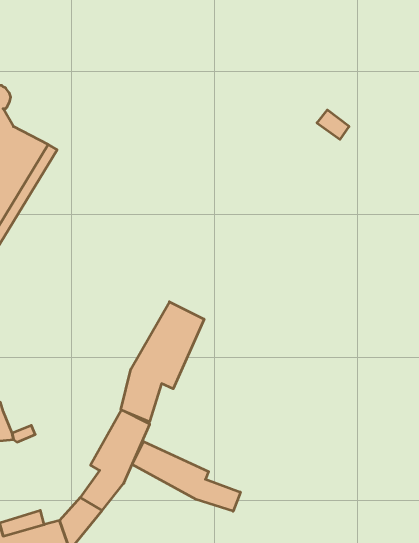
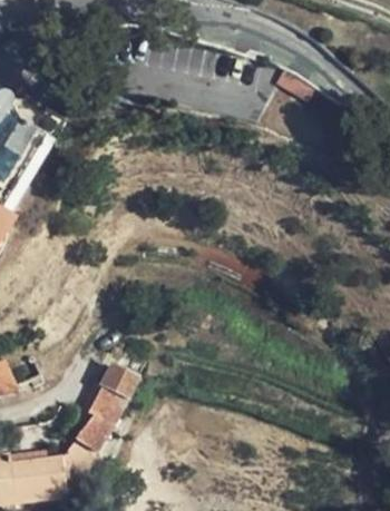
building: [121,302,204,422] -> none
building: [132,442,240,511] -> none

